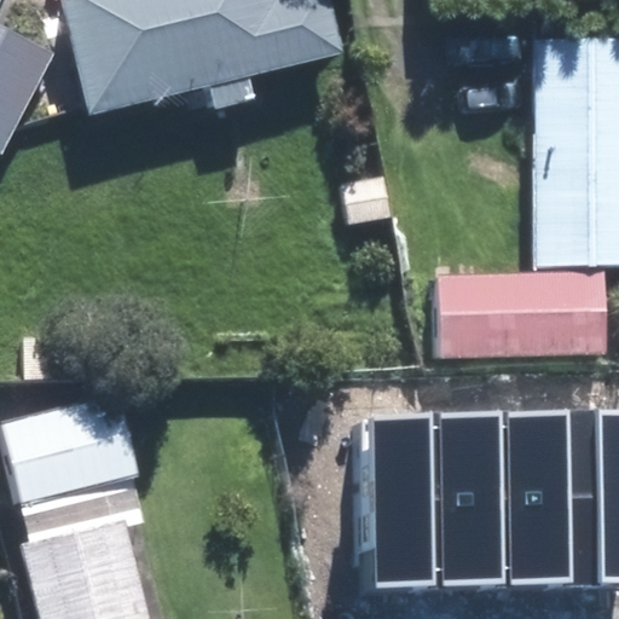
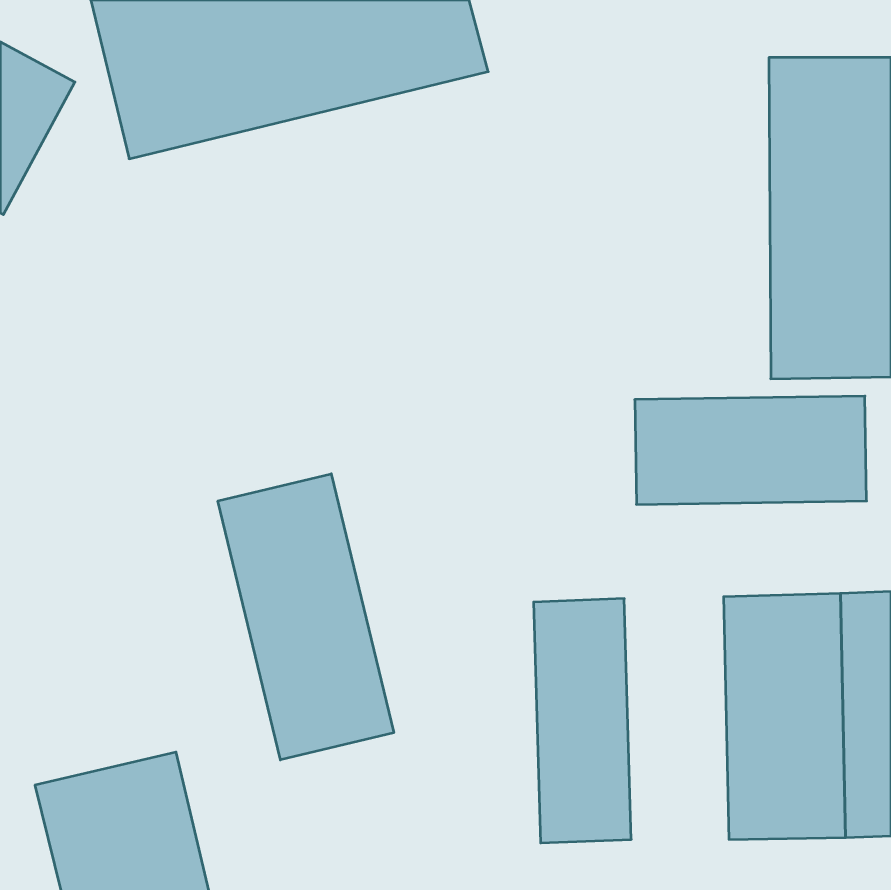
building: none -> [218,474,394,760]
building: [6,400,128,498] -> none
building: [433,415,505,583] -> none

